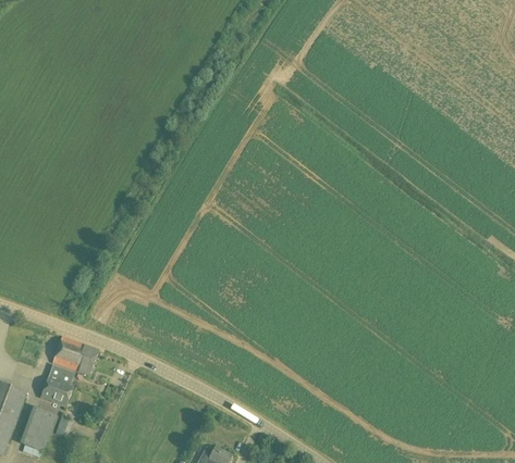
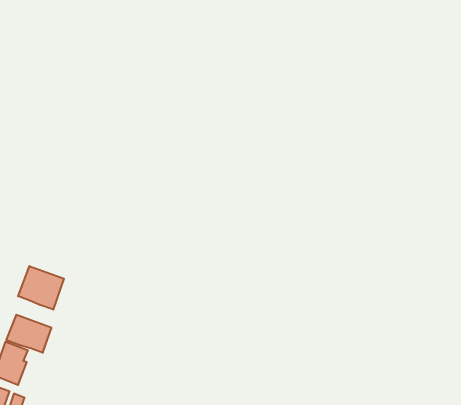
building: none -> [18,266,64,310]

